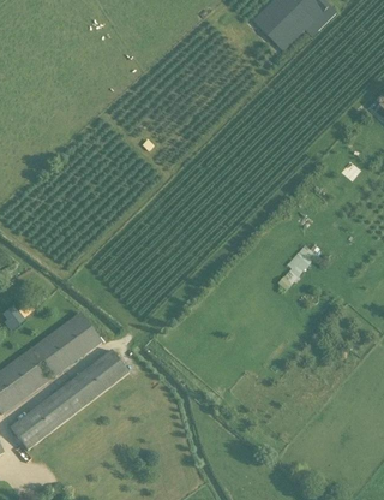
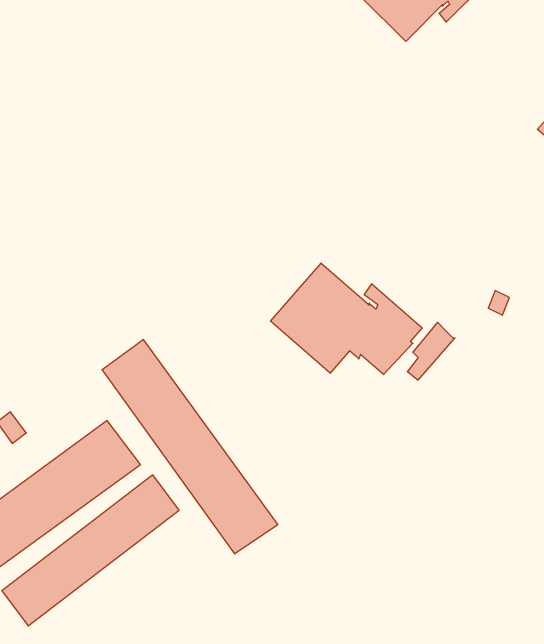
building: none -> [271,263,422,375]
building: none -> [102,339,278,554]

